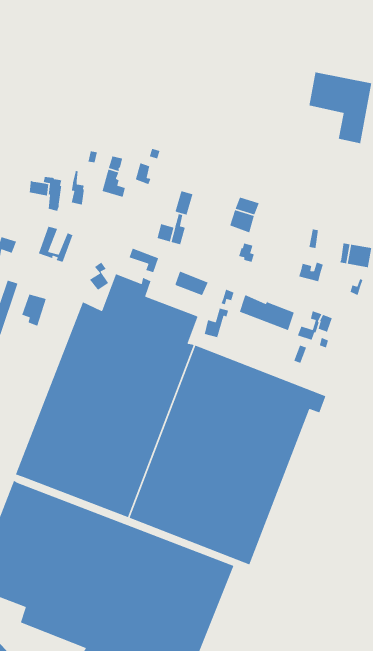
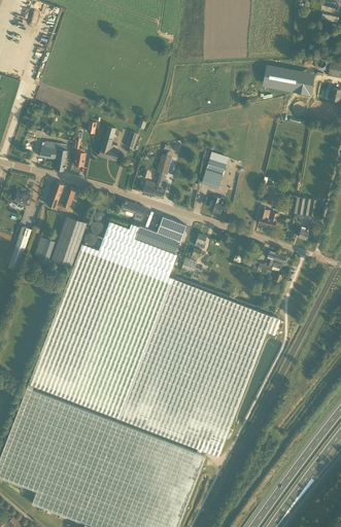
building: none -> [49,216,84,267]
building: [239,294,295,331] -> [133,225,178,255]

